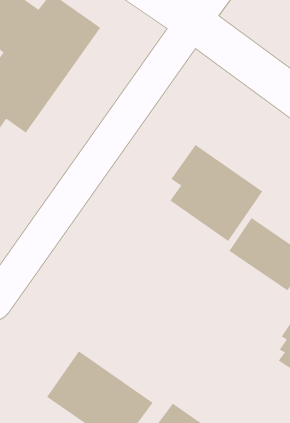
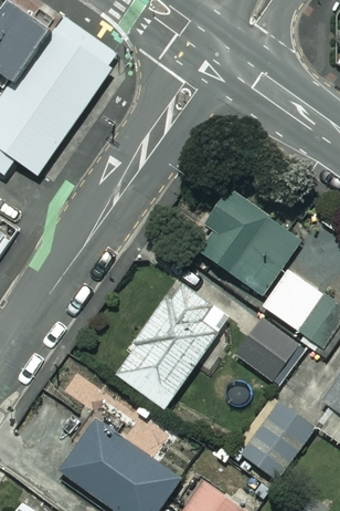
building: none -> [116,284,227,408]
building: none -> [234,317,297,380]
building: none -> [242,401,315,479]

